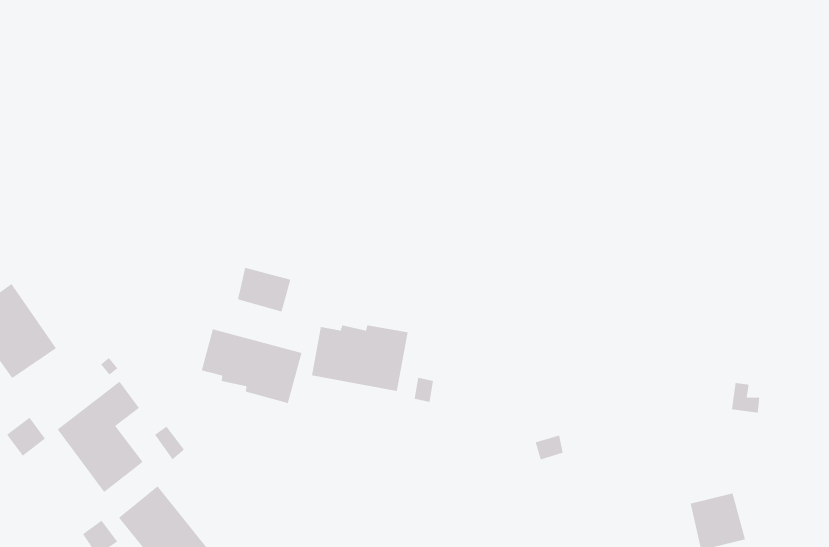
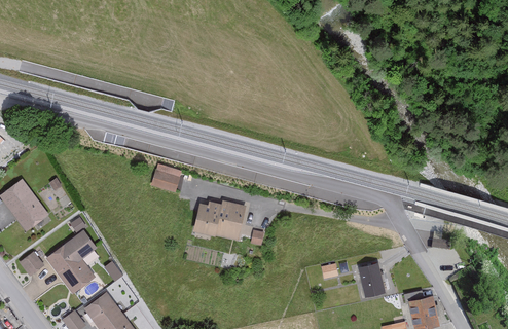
building: [201,329,302,404] -> none
building: none -> [360,261,388,293]

